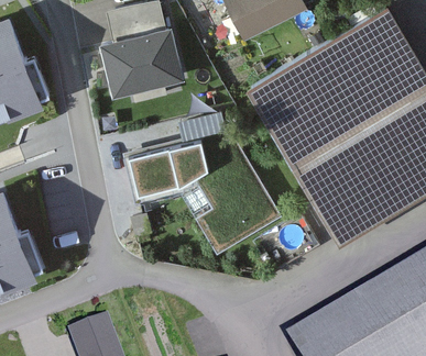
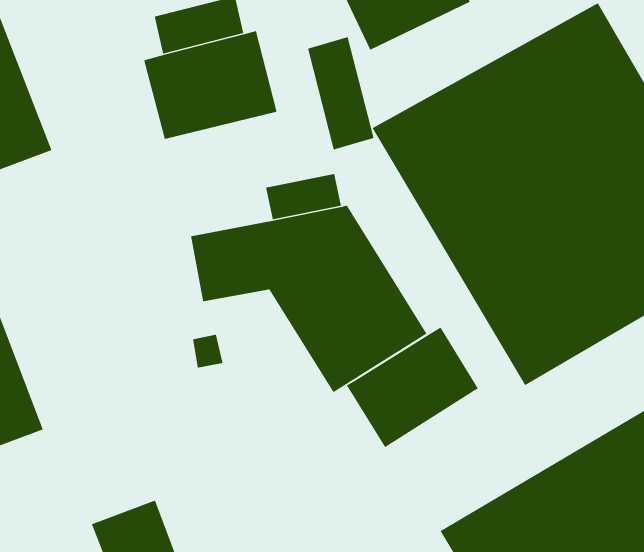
building: none -> [307,36,374,150]
building: none -> [346,327,479,448]

